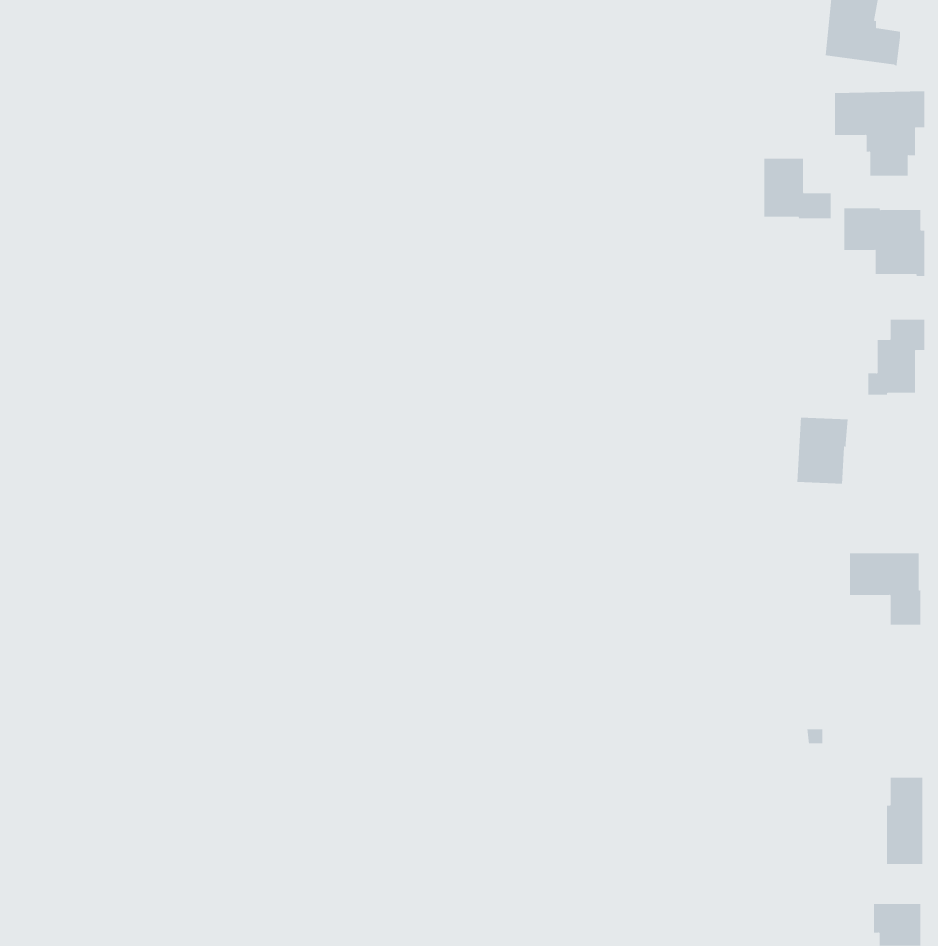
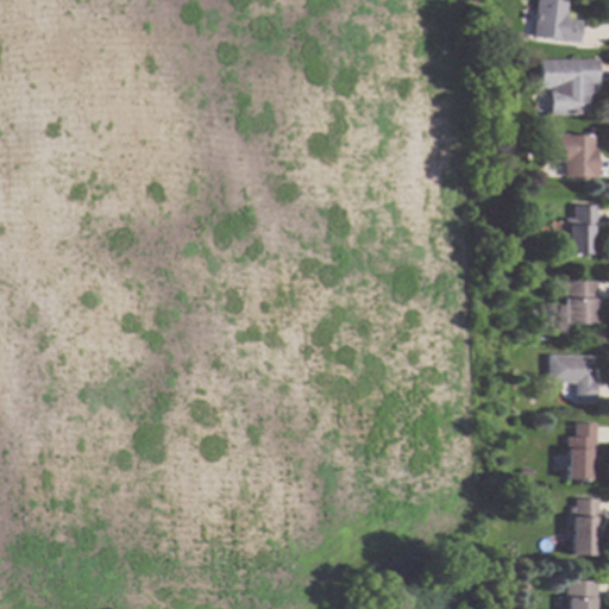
building: [764,158,831,219] -> none
building: [797,417,848,484] -> [566,280,599,322]
building: none -> [567,422,596,479]

